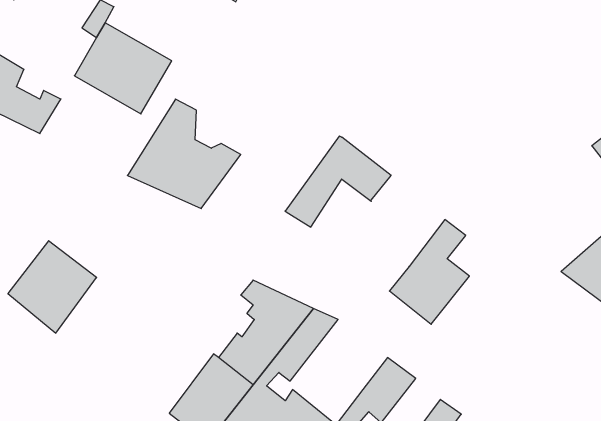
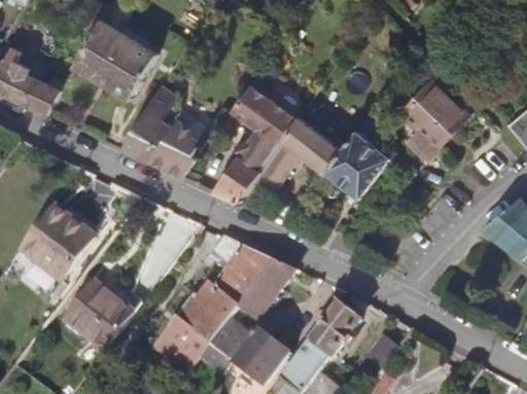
building: none -> [398,56,477,160]
building: none -> [212,76,296,203]
building: [389,220,469,324] -> [323,109,390,196]
building: none -> [66,282,134,349]

